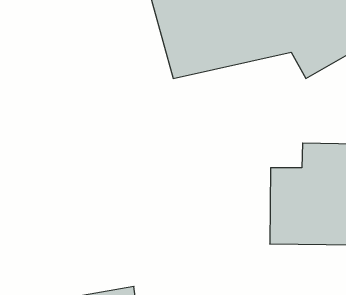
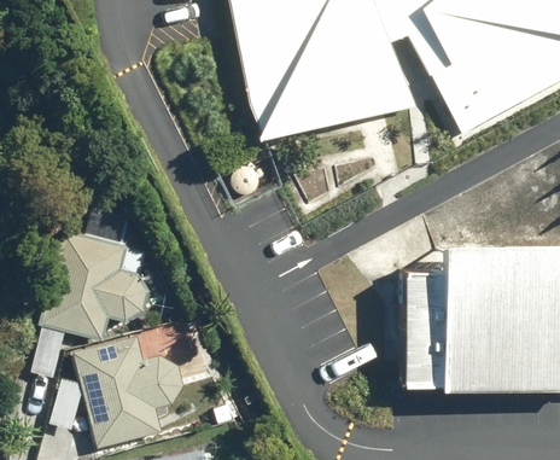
building: none -> [31,231,148,377]
building: none -> [47,330,168,446]

